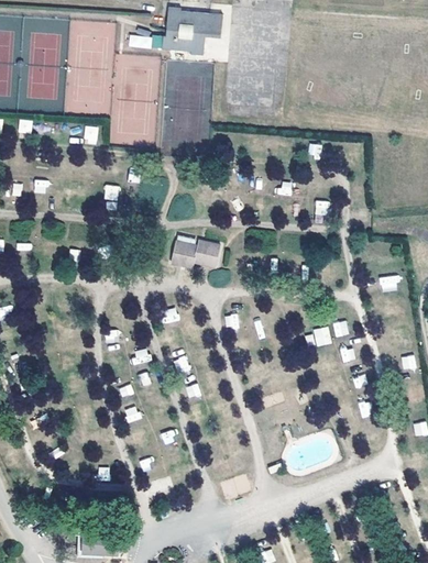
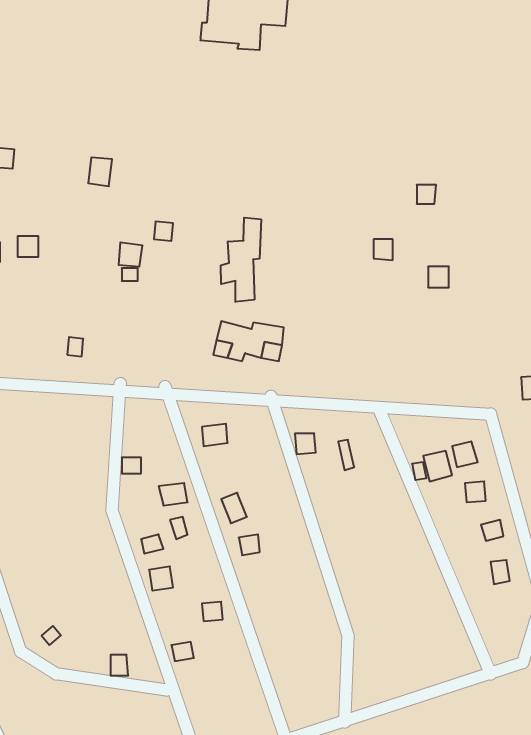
building: none -> [221,218,261,302]

